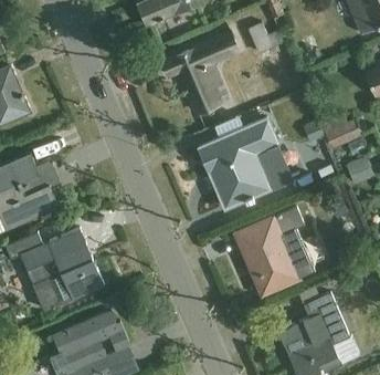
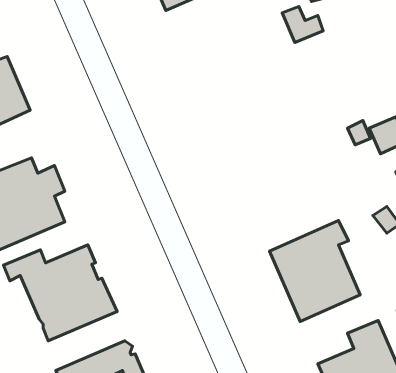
building: [161,32,240,113] -> none
building: [199,117,293,207] -> none

